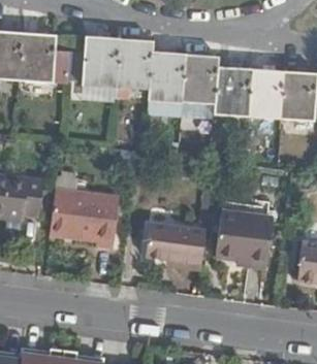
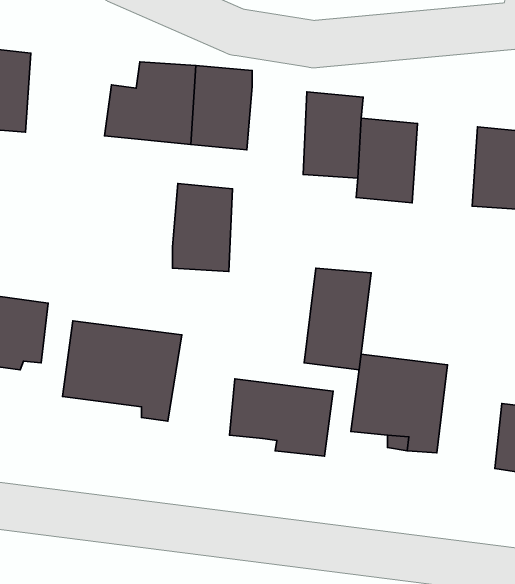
building: [23,32,58,81] -> none
building: [153,52,188,103] -> [173,184,232,272]
building: [250,73,288,122] -> none
building: none -> [304,268,371,370]

